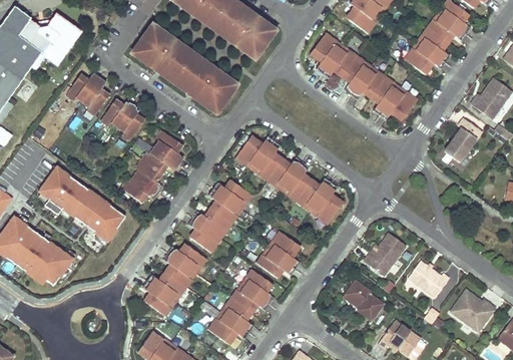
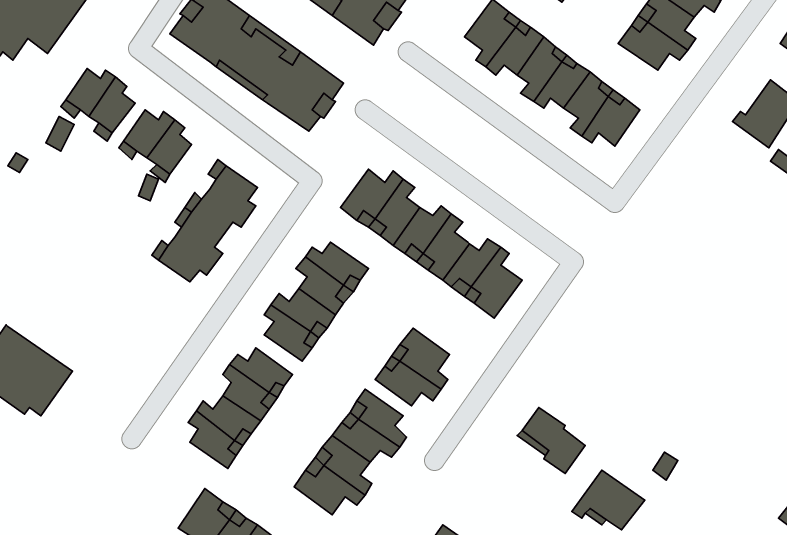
building: [444,120,481,162] -> none
building: [37,167,124,241] -> none
building: [362,234,404,276] -> none
building: [407,263,448,299] -> none
building: [451,292,493,332] -> none

